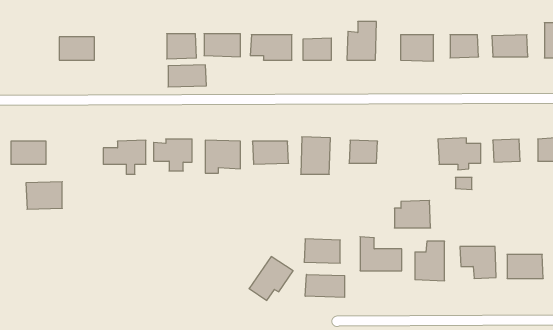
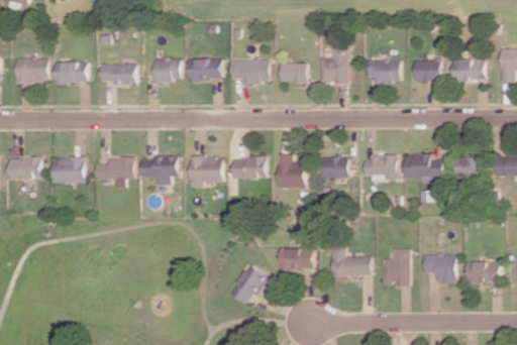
building: none -> [15,58,48,83]
building: [168,65,206,87] -> [101,64,136,84]
building: [26,182,62,209] -> [51,157,85,183]
building: [394,200,431,228] -> [363,153,396,179]
building: [305,274,345,297] -> none

